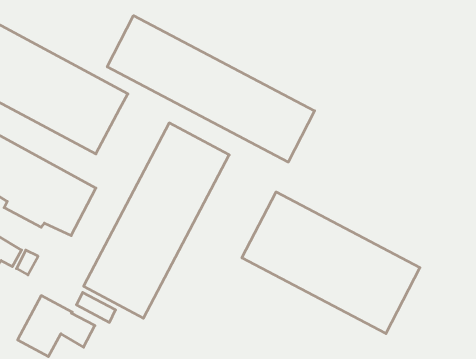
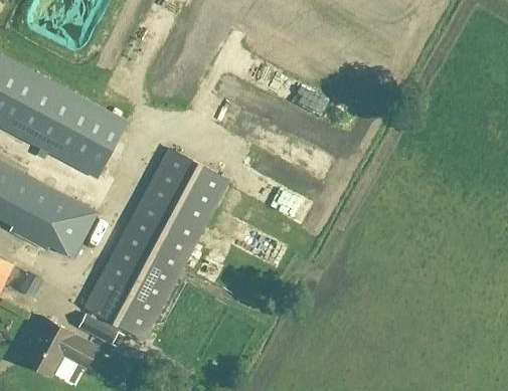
building: [107,16,315,162] -> none
building: [242,192,420,334] -> none

